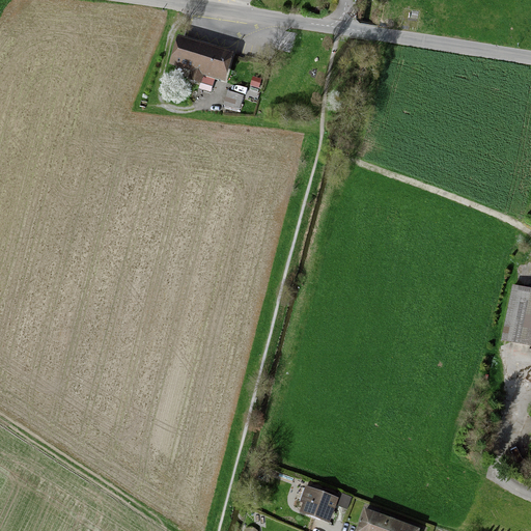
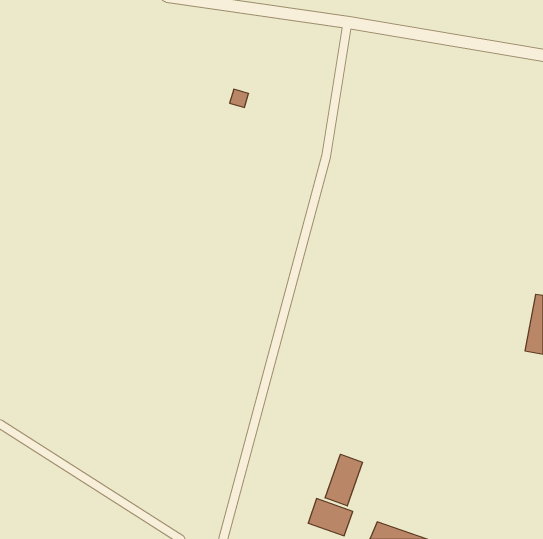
building: [175,38,228,79] -> none
building: none -> [325,454,363,506]

